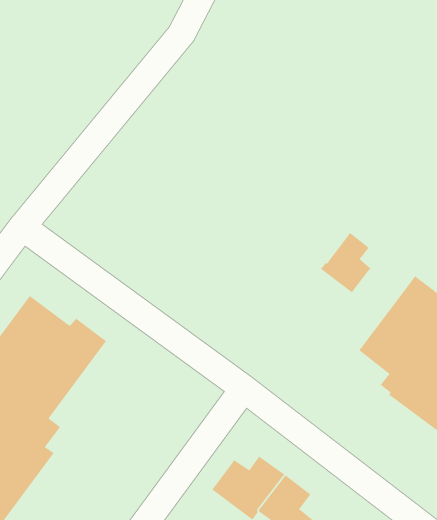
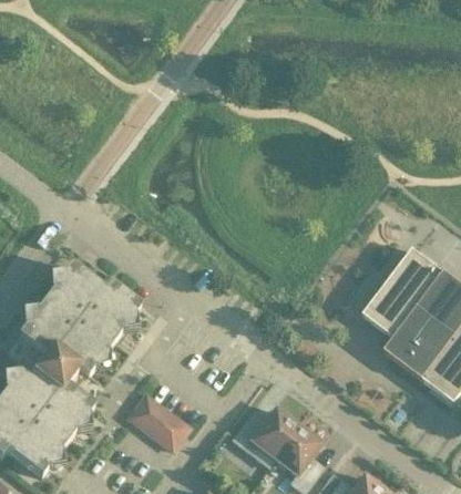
building: [320,232,371,293] -> none
building: none -> [125,395,186,451]

